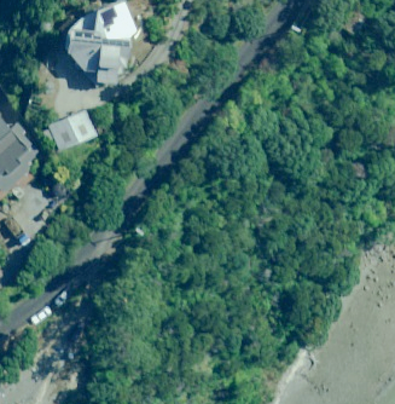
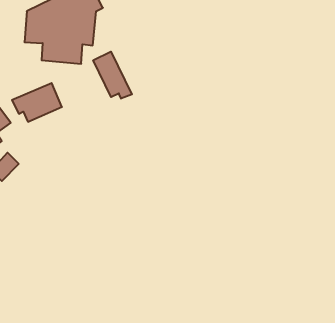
building: none -> [93,52,132,99]

